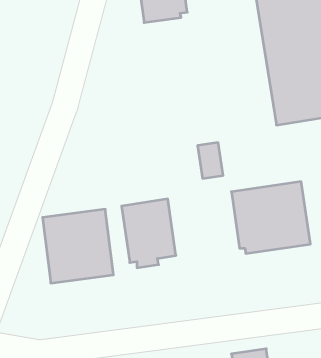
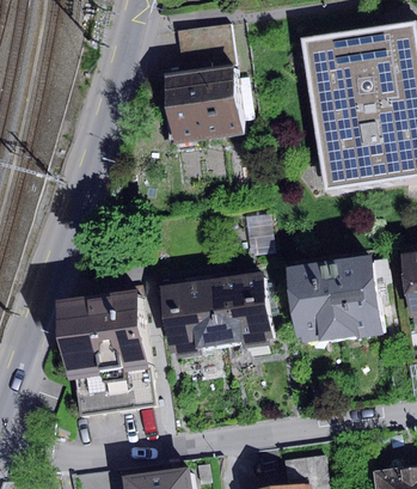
building: none -> [165,66,241,142]
building: none -> [209,271,269,348]
building: none -> [73,367,151,414]

